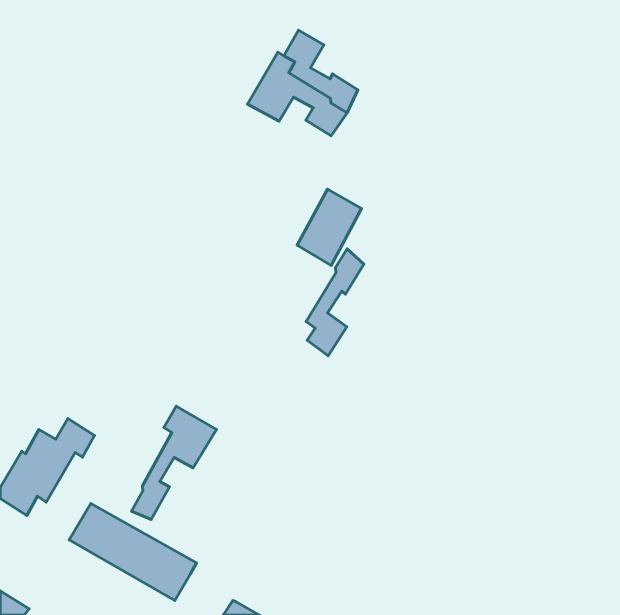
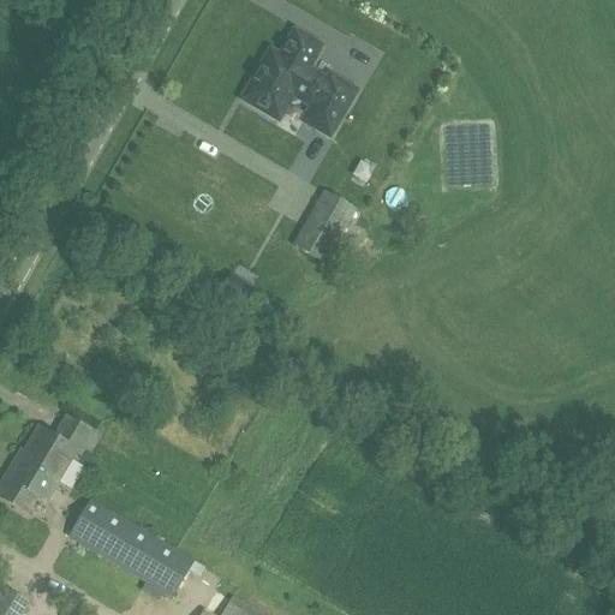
building: [306,249,364,356] -> none
building: [131,406,216,520] -> none

